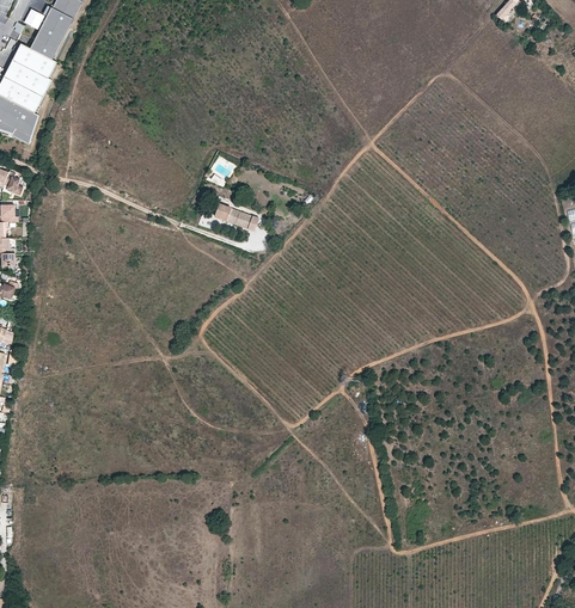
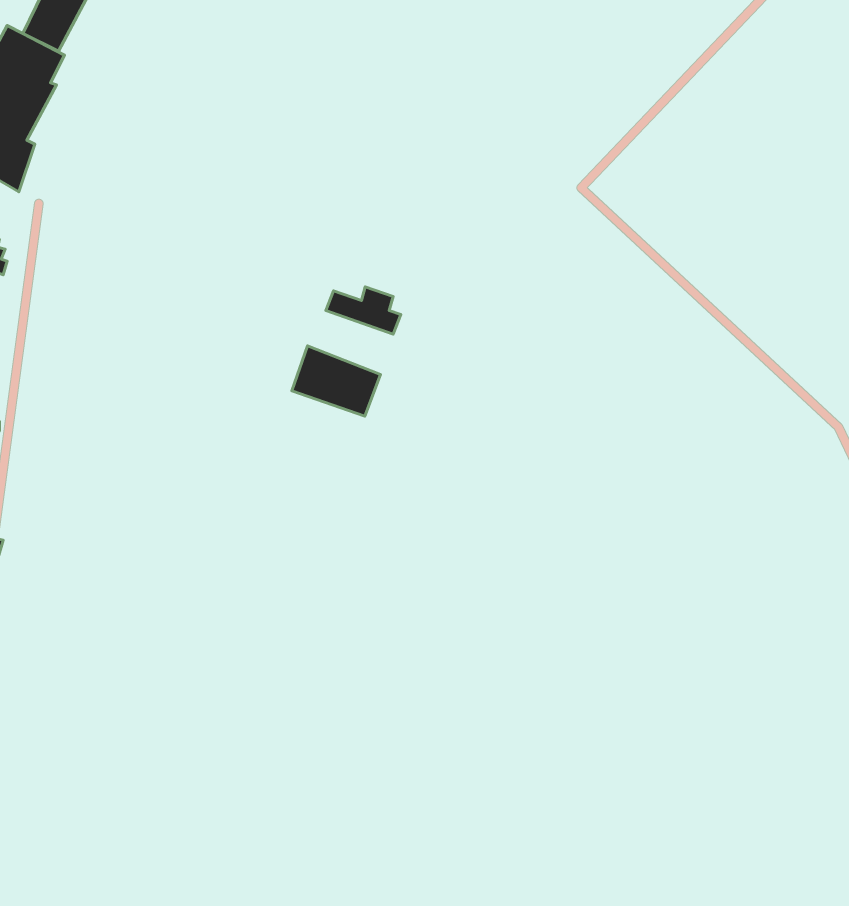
building: none -> [292,346,381,416]

